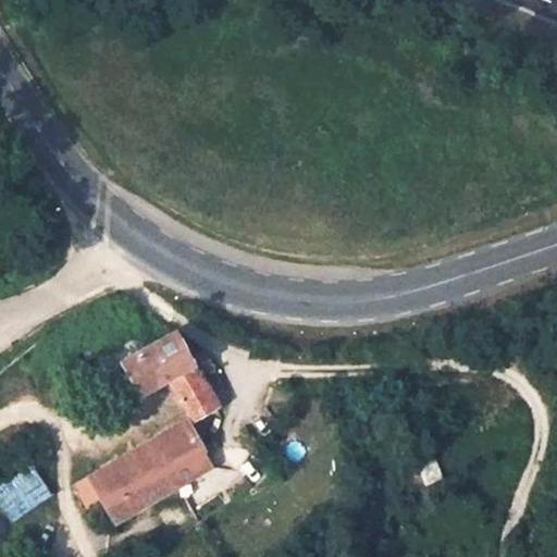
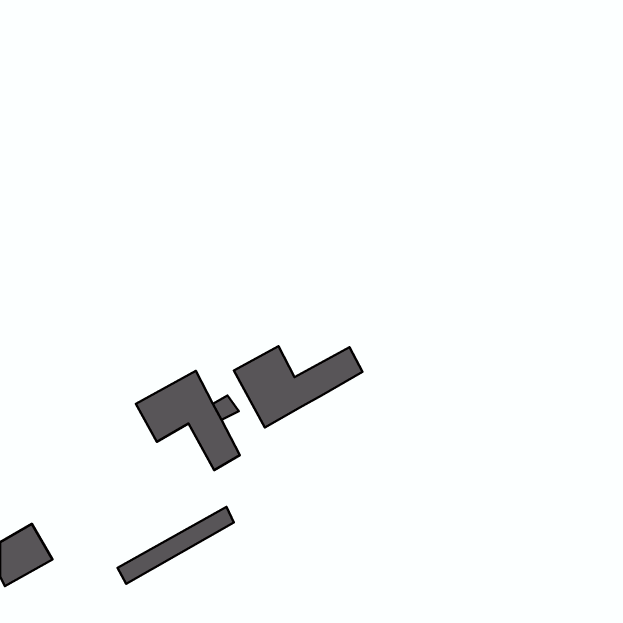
building: none -> [234,346,362,428]
building: [90,422,203,507] -> none

